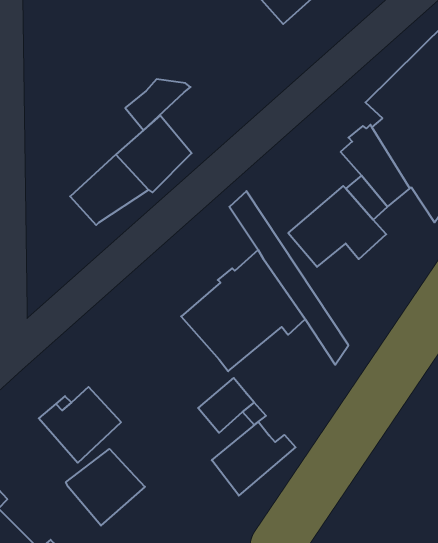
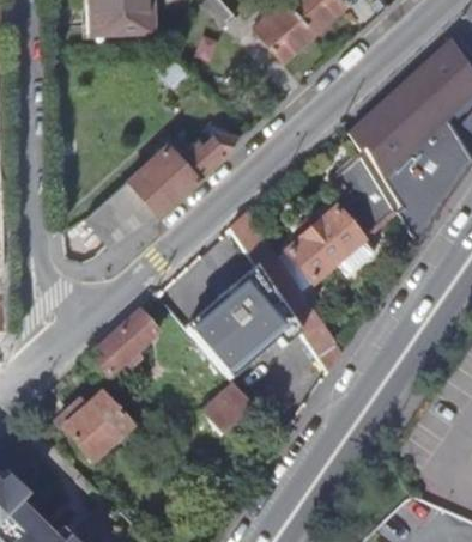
building: [125,79,191,130] -> [181,130,241,177]
building: none -> [91,310,159,374]
building: [212,422,296,496] -> none
building: [66,449,145,526] -> none

